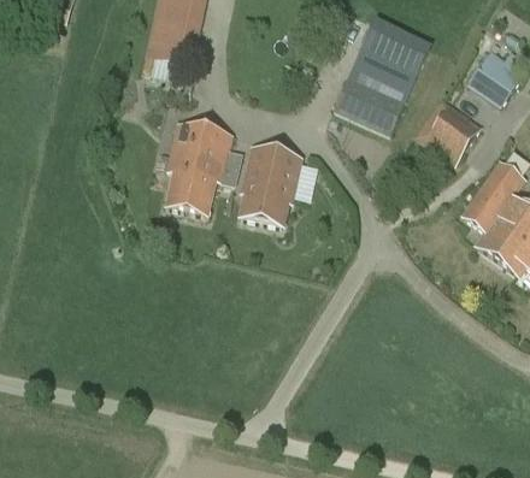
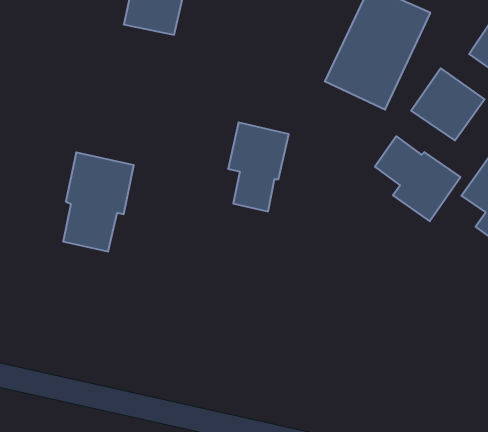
building: [166,123,232,216] -> [63,152,134,252]
building: none -> [375,136,460,221]

